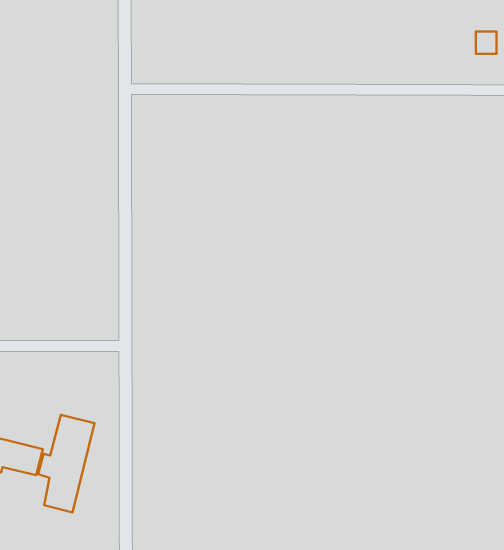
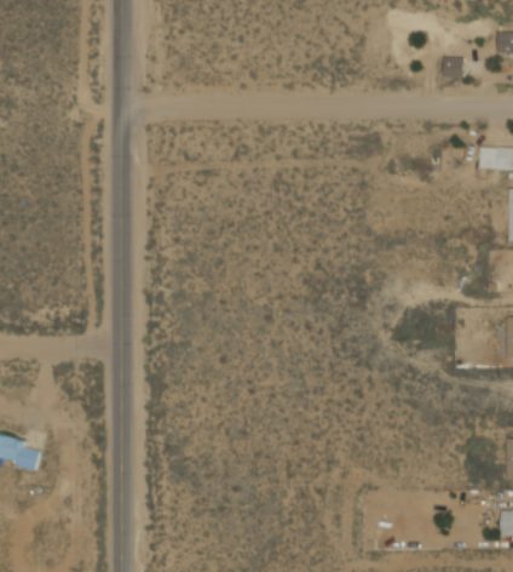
building: [38,415,95,513] -> none

